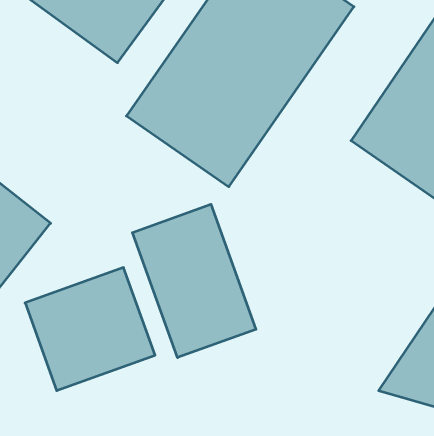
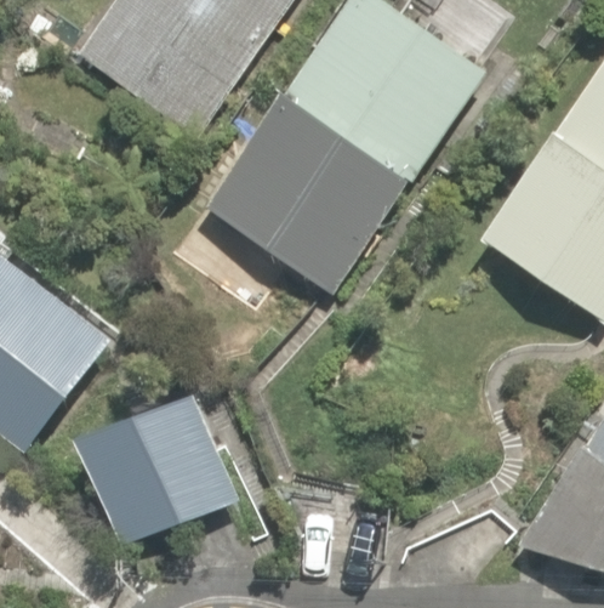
building: [132,204,256,358] -> none

